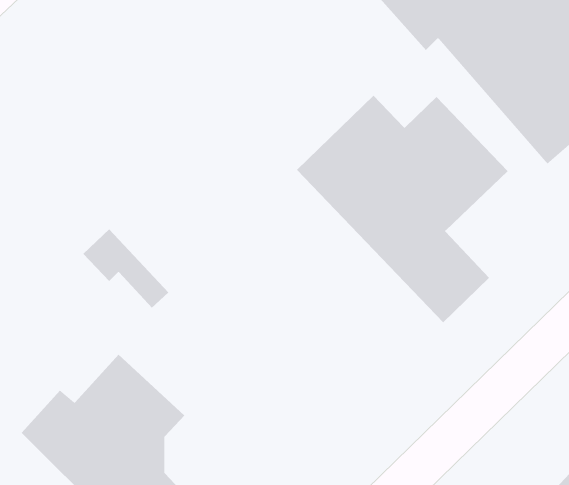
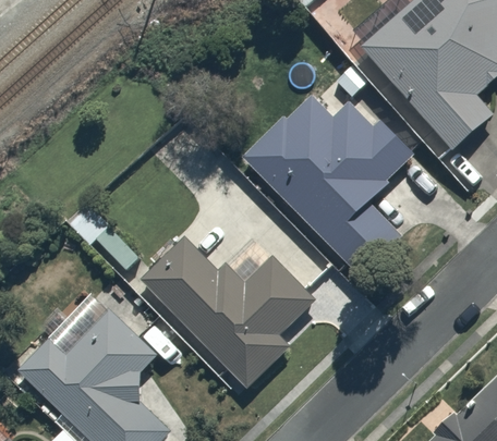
building: none -> [141,238,314,389]

